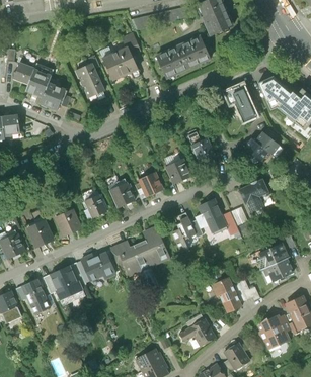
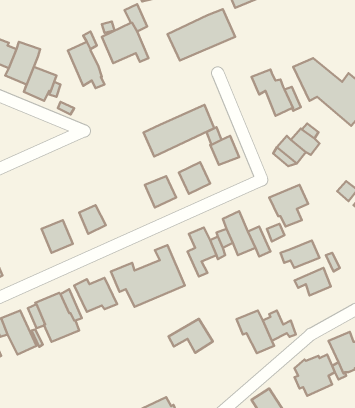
building: none -> [144,105,214,156]
building: [109,181,135,207] -> none
building: [25,218,52,247] -> none
building: [262,260,294,282] -> [280,240,319,268]
building: [180,319,216,347] -> [169,319,213,353]

